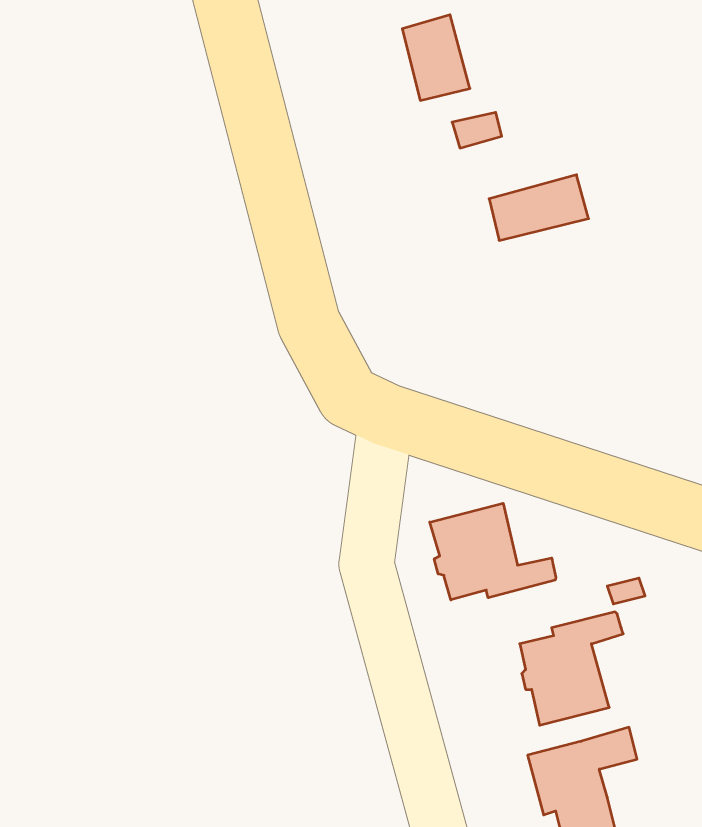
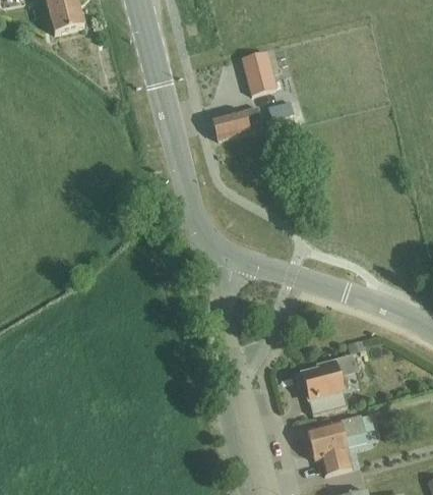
building: [489,175,589,240] -> [212,106,263,140]
building: [430,503,556,600] -> none

